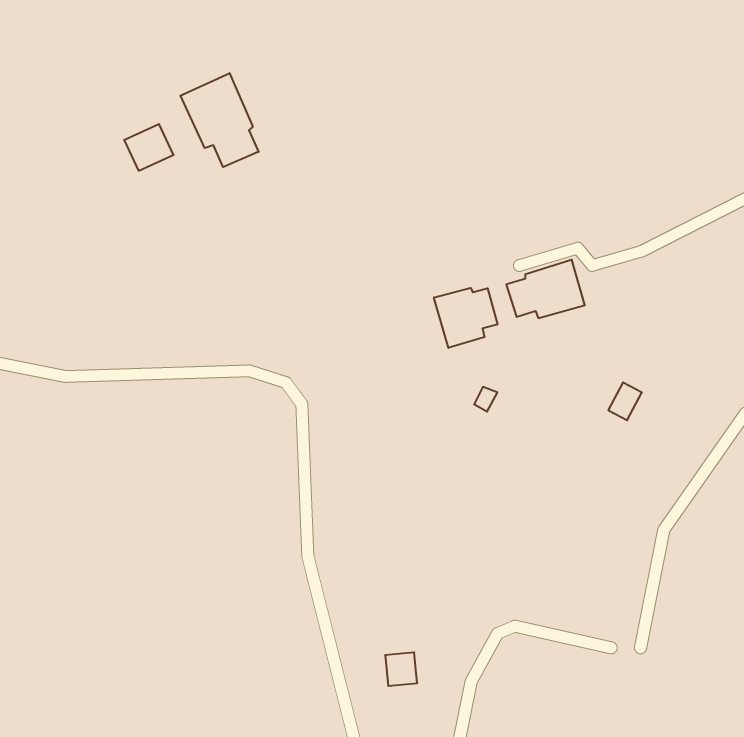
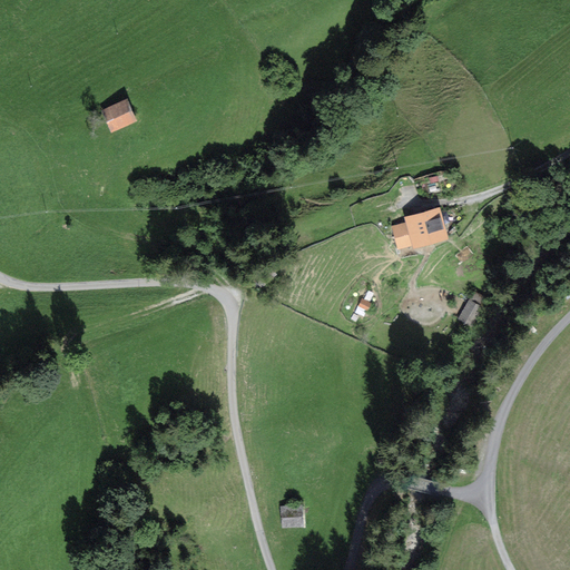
building: [180,73,259,167] -> none
building: [434,288,497,348] -> none

